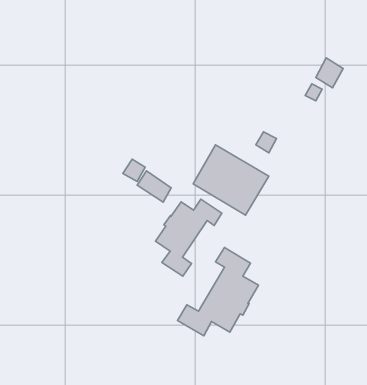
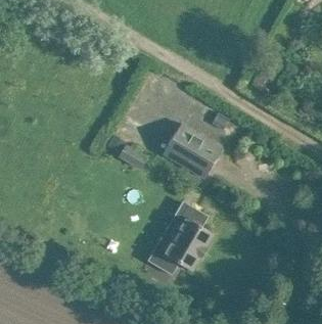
building: [156,199,222,276] -> none

